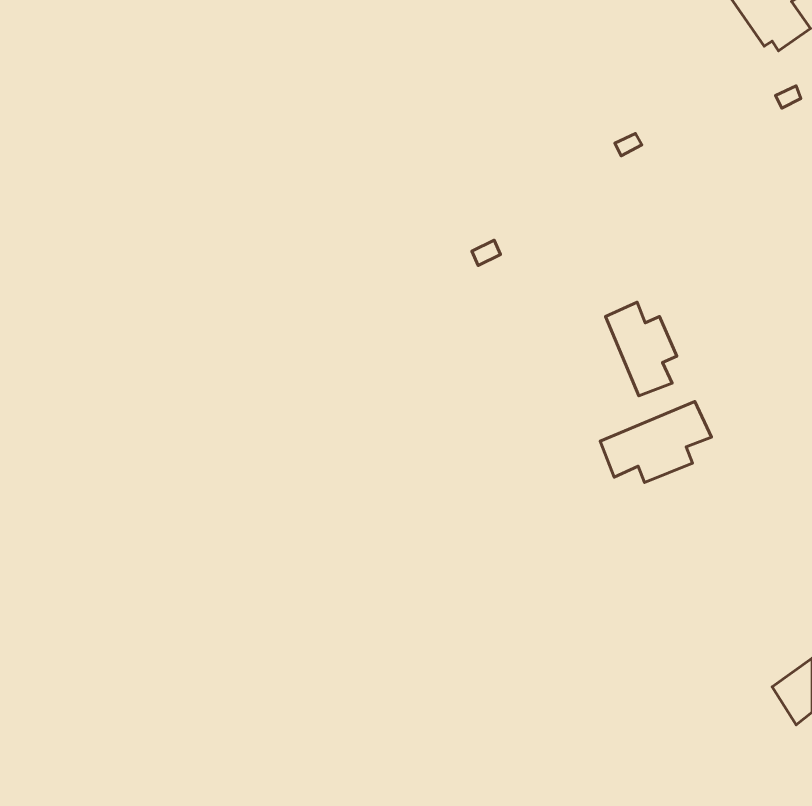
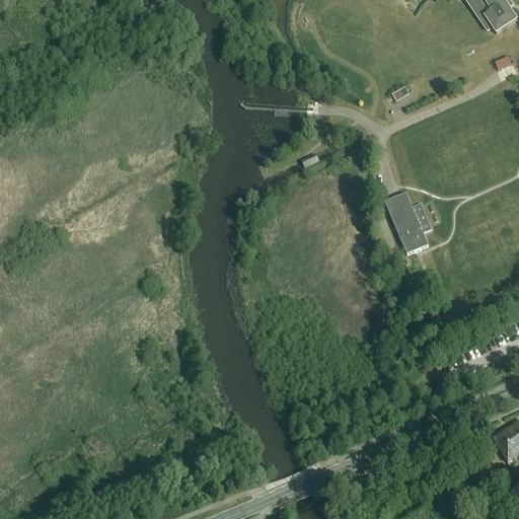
building: [600,401,711,482] -> none

